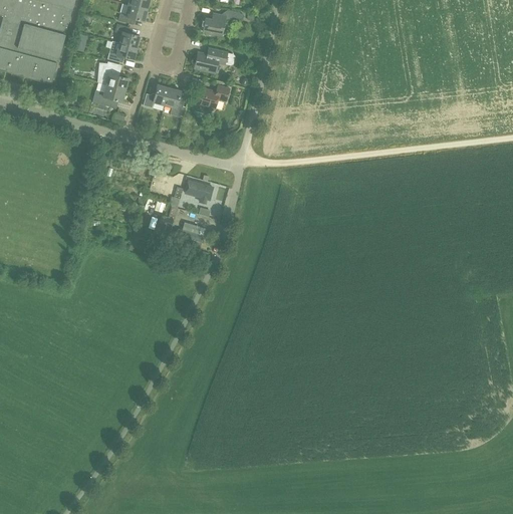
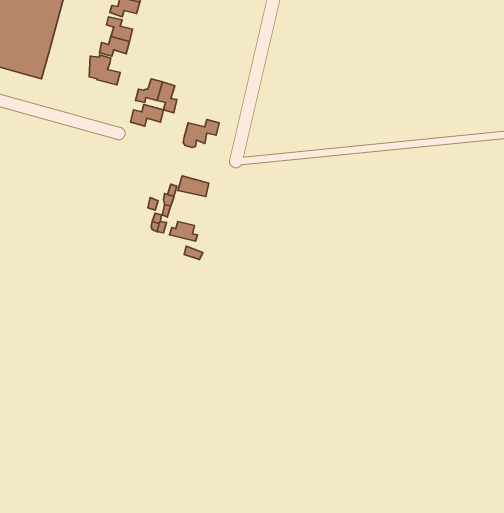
building: [202,12,226,34] -> none
building: [194,48,235,71] -> none
building: [92,84,124,105] -> [130,105,163,126]
building: [194,84,229,111] -> [183,120,219,148]

